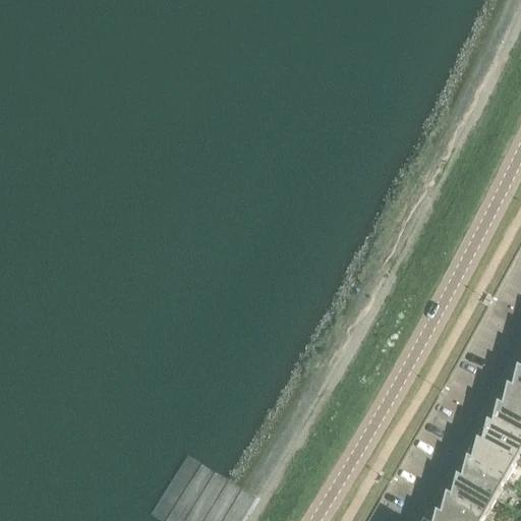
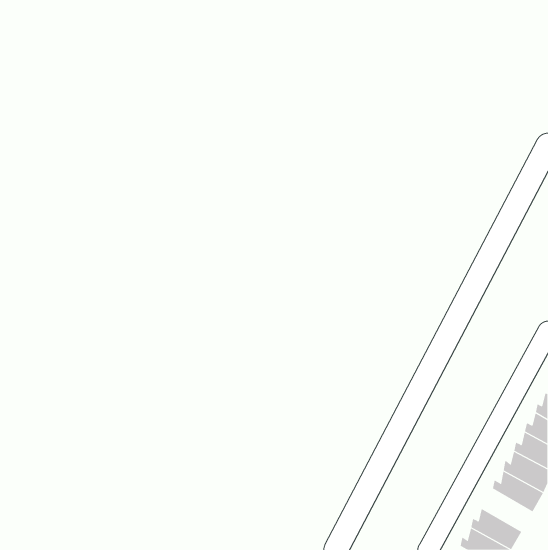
building: [455,462,504,503] -> none

